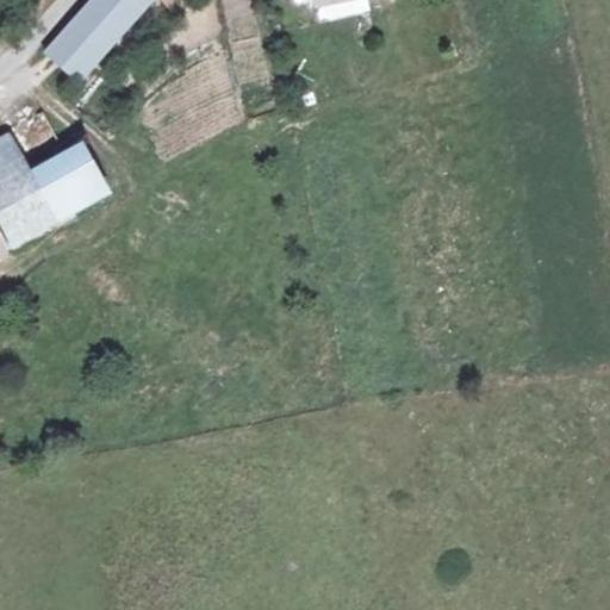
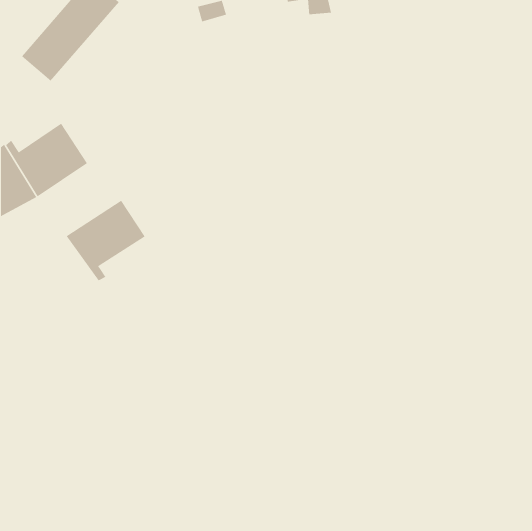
building: none -> [66,200,145,281]

